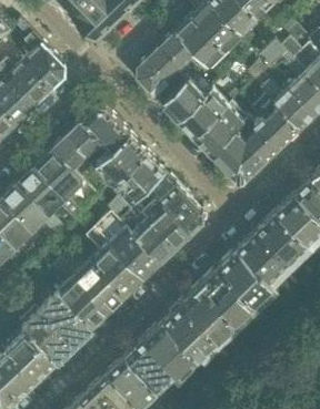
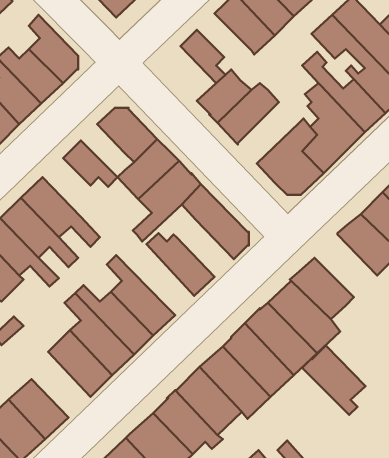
building: [161,33,206,70] -> none
building: [137,60,177,104] -> none
building: [194,105,244,155] -> none
building: [67,123,102,166] -> none
building: [36,151,83,198] -> none
building: [144,201,191,247] -> none
building: [96,213,159,278] -> none
building: [257,213,308,269] -> [303,345,366,415]
building: [22,308,74,361] -> none

